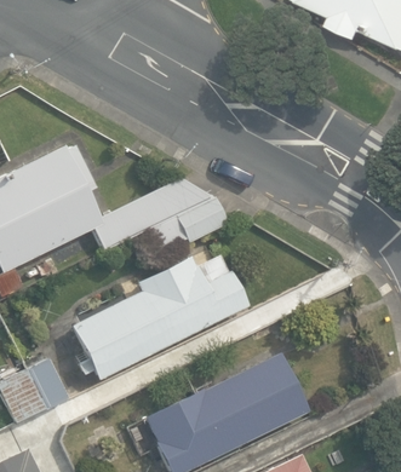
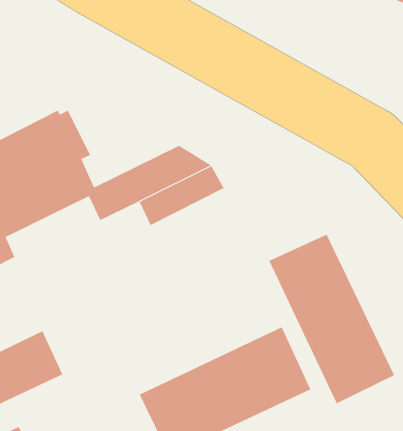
building: [70,257,246,381] -> none
building: none -> [268,234,395,404]

